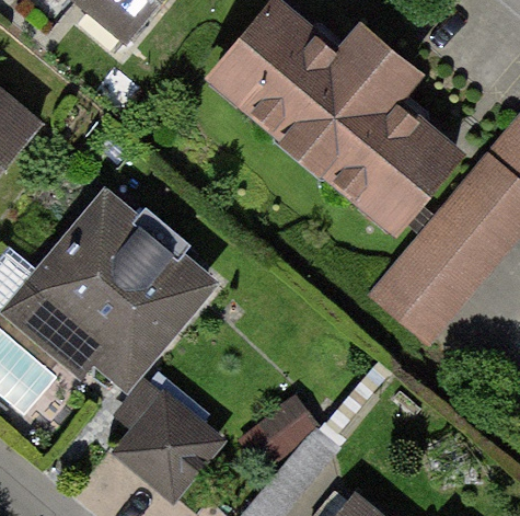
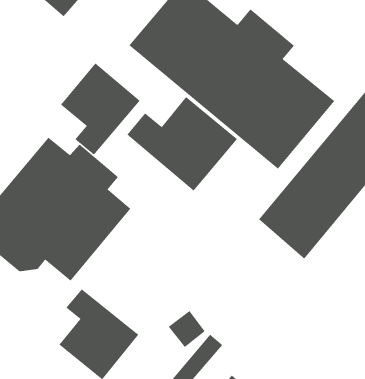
building: none -> [60,63,140,155]
building: none -> [127,96,238,192]

